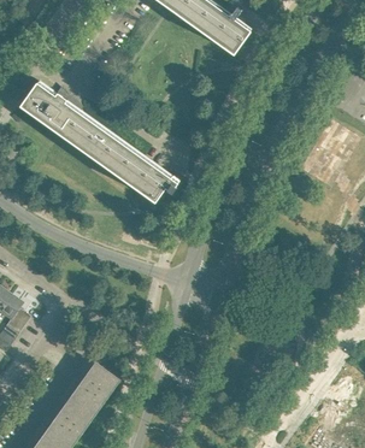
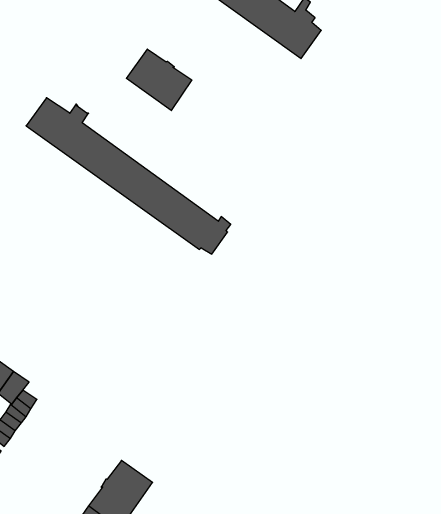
building: none -> [126,49,192,111]

